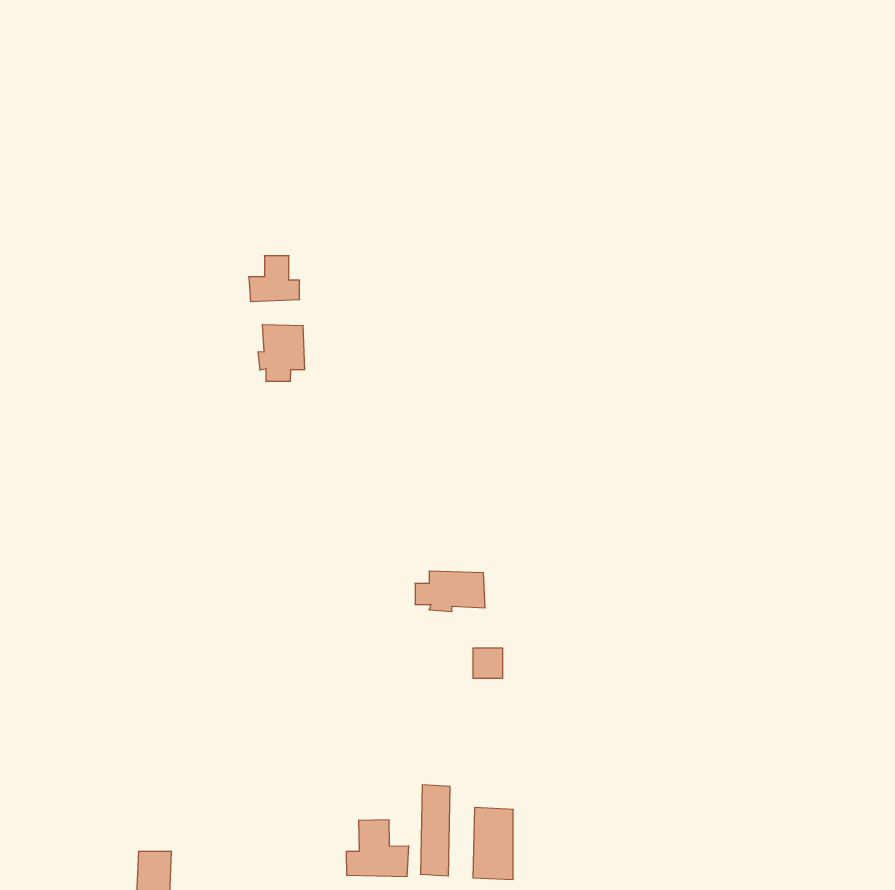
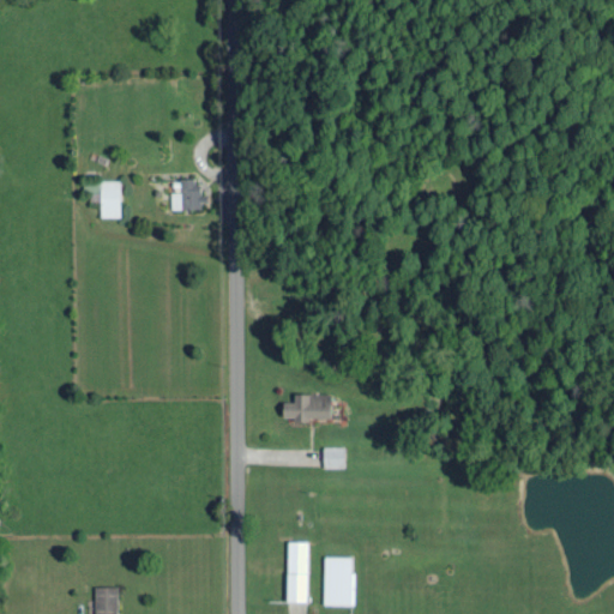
building: none -> [100,181,120,218]
building: [258,324,305,382] -> none
building: [347,820,409,877] -> none

